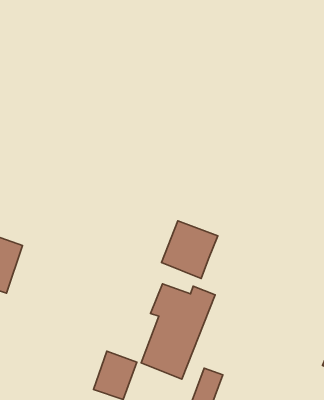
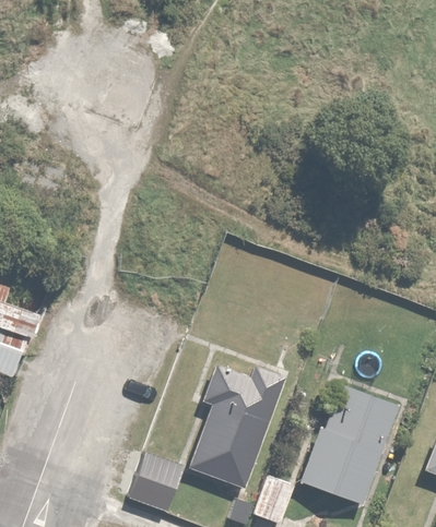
building: [162,221,218,278] -> none
building: none -> [303,386,397,503]

